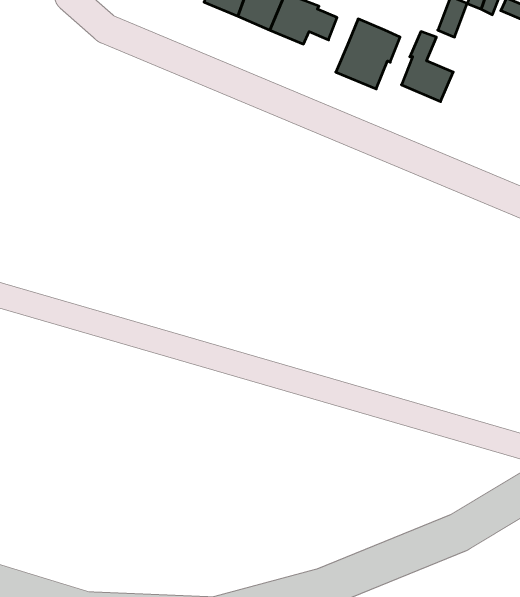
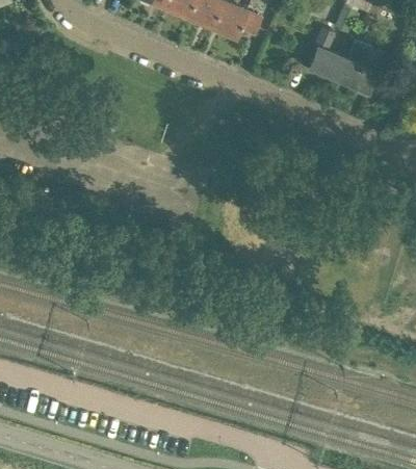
building: [336,19,400,89] -> [334,40,382,92]

